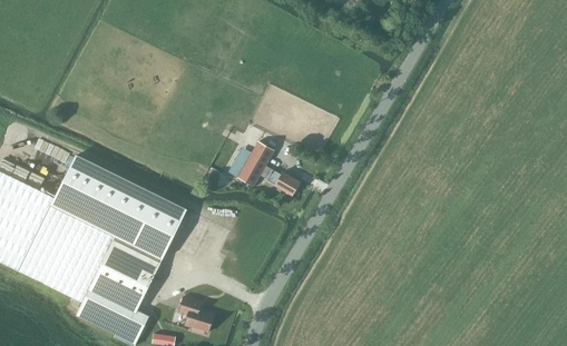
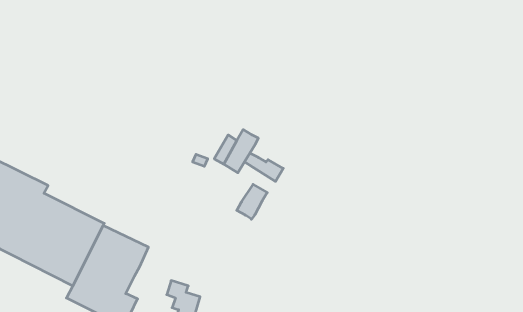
building: [51,156,185,261] -> none
building: none -> [237,184,267,219]

